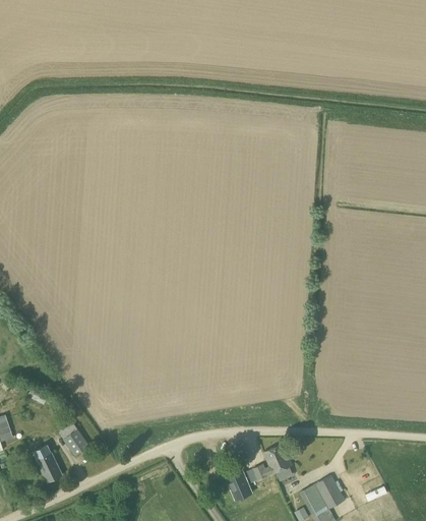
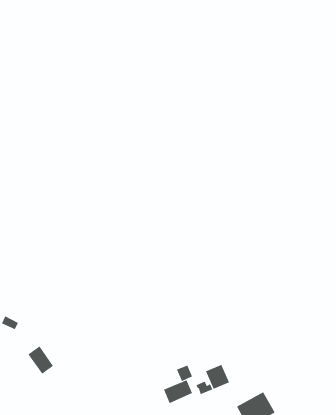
building: [38,454,62,482] -> none

